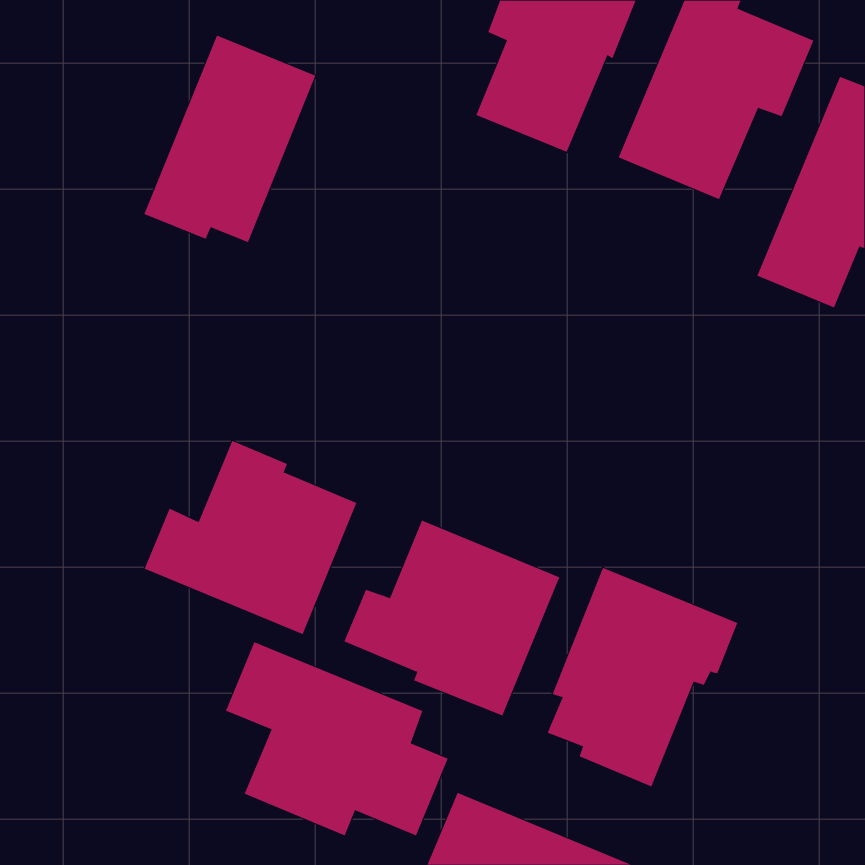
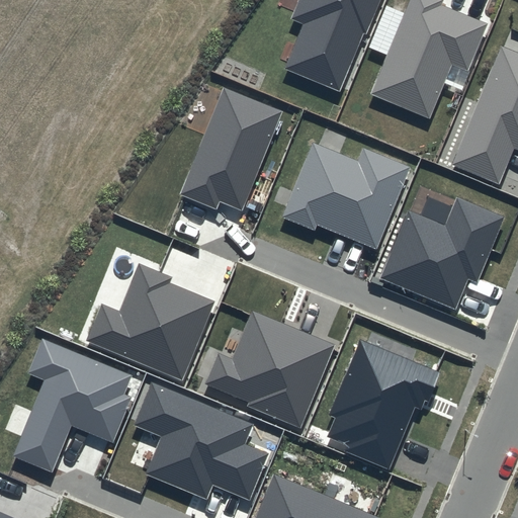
building: [144,35,316,243] -> [179,87,282,211]
building: none -> [282,143,411,250]
building: none -> [379,197,503,310]
building: none -> [13,338,132,471]

